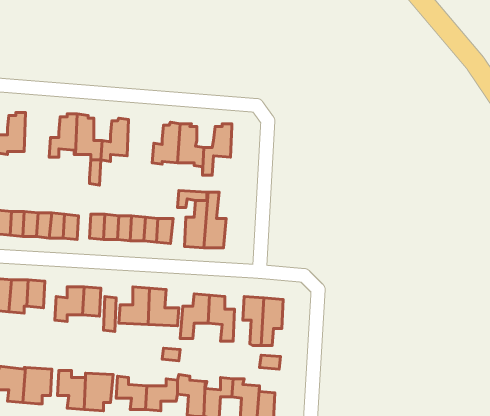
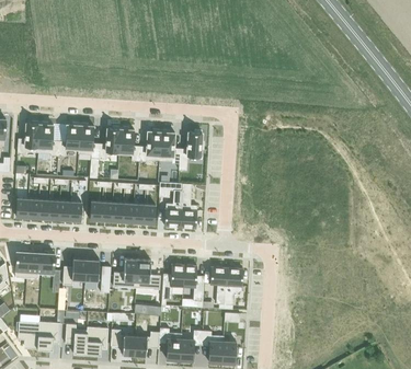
building: none -> [38,122,59,157]
building: none -> [119,127,140,161]

